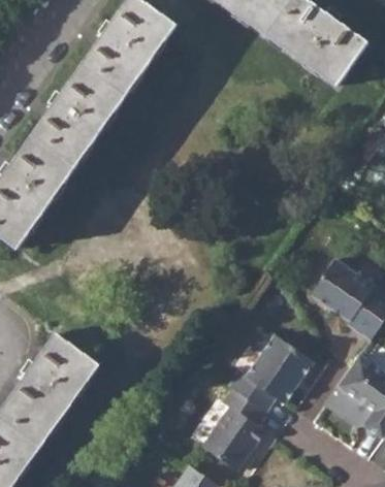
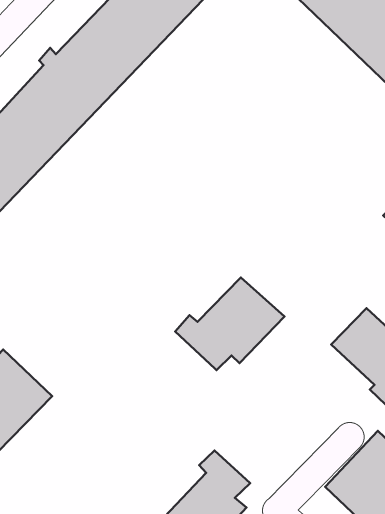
building: [229,335,314,412] -> [175,277,284,370]

